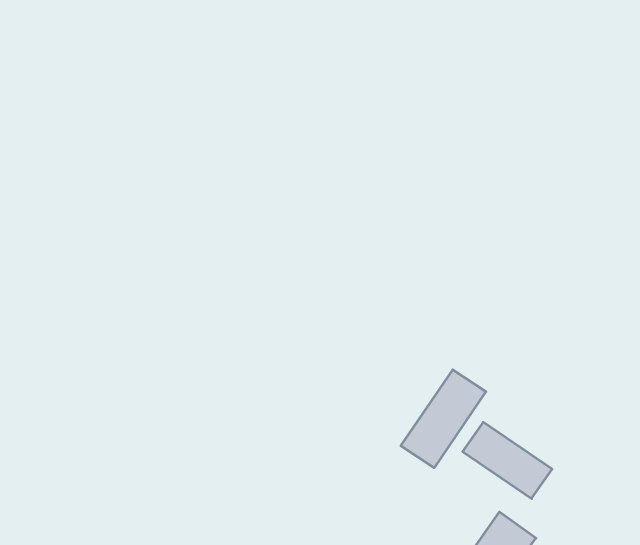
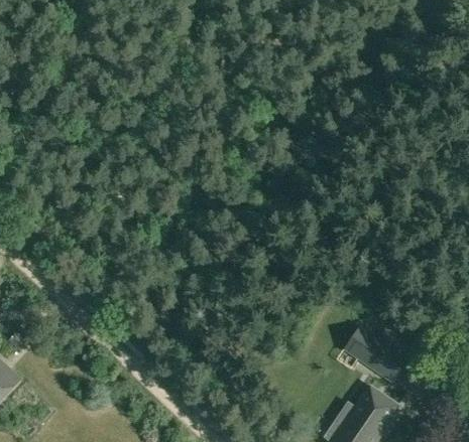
building: [401,370,486,468] -> none

